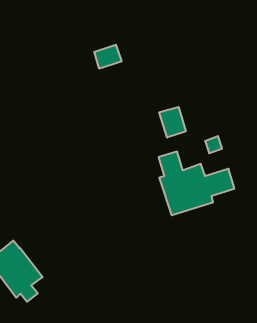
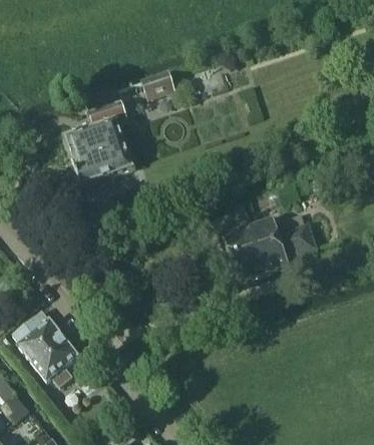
building: none -> [65,89,131,186]
building: [159,107,186,138] -> none

